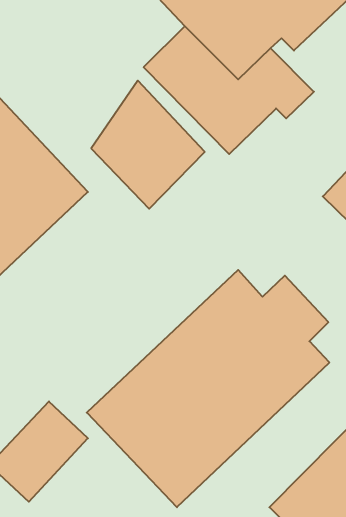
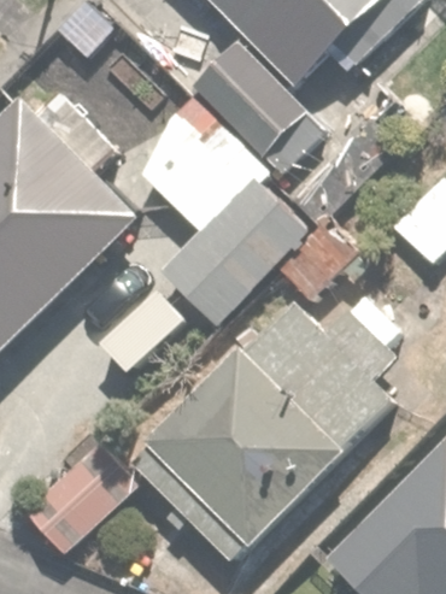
building: none -> [160,174,338,328]

